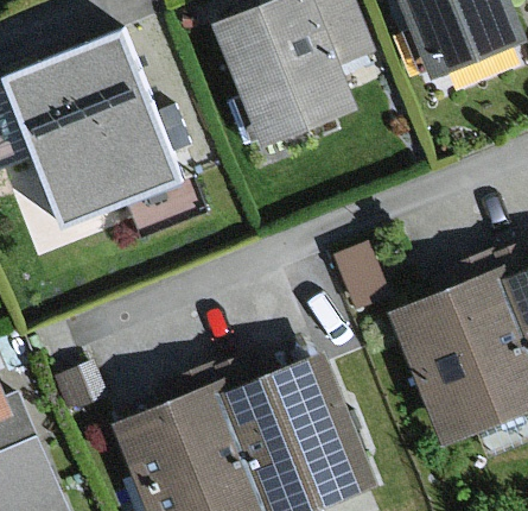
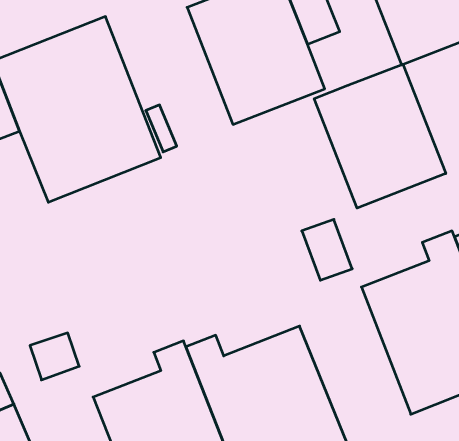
building: none -> [314,64,446,208]

